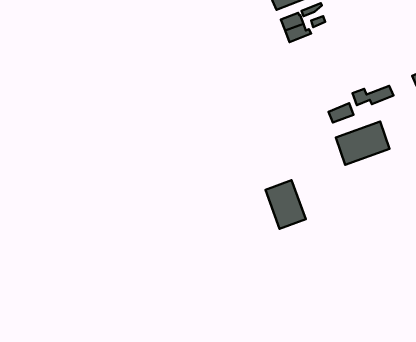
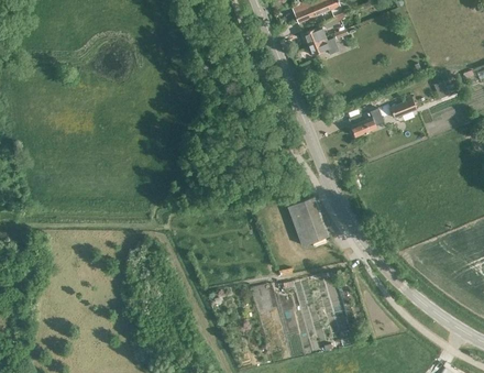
building: [336,121,390,165] -> none

